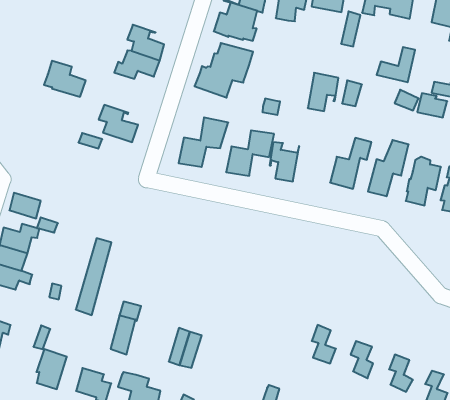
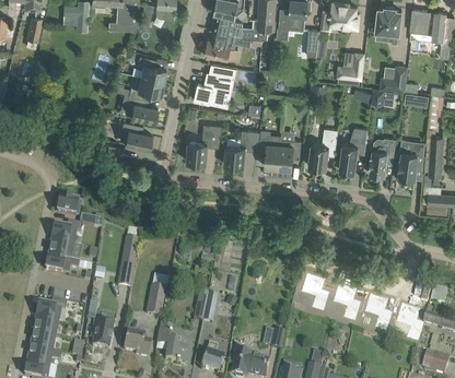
building: [44,61,86,97] -> [124,94,156,120]
building: [308,73,338,111] -> [278,138,300,167]

